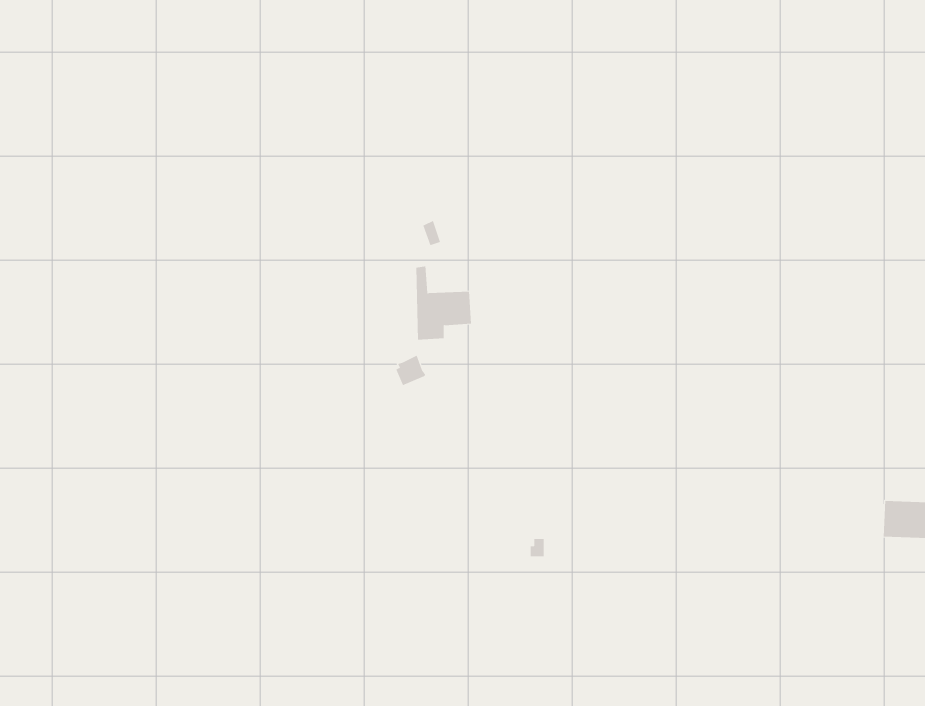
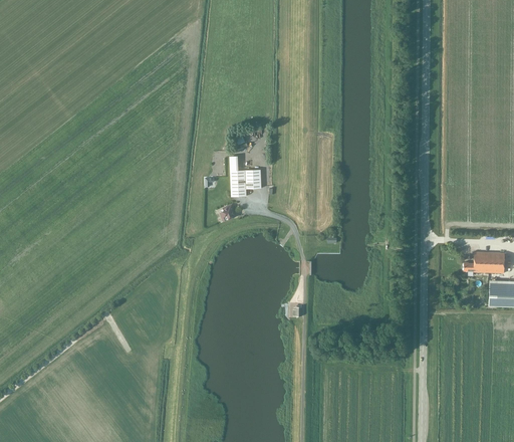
building: none -> [464,251,505,272]

